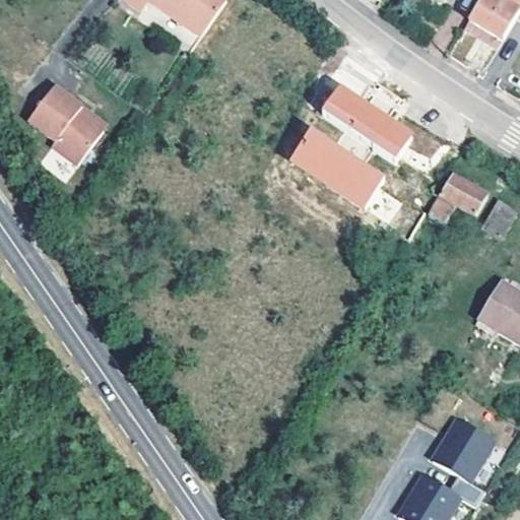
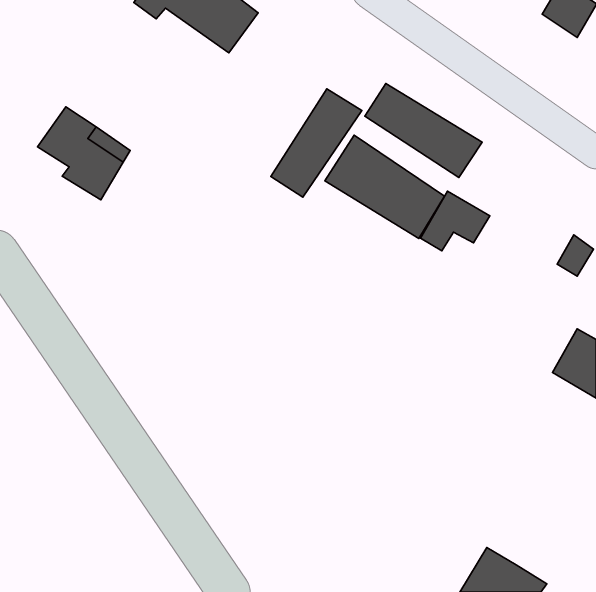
building: none -> [271,89,362,197]
building: [428,178,488,230] -> [421,191,490,251]
building: [431,417,494,505] -> none

